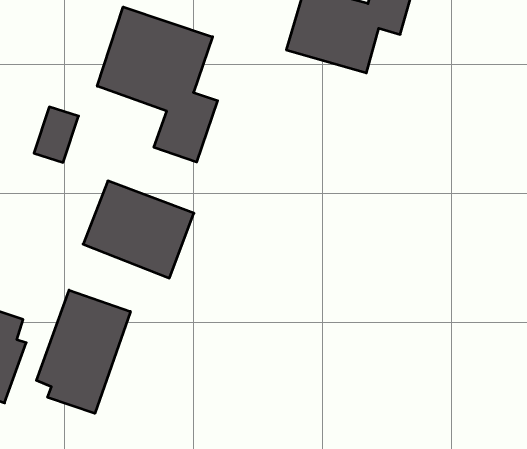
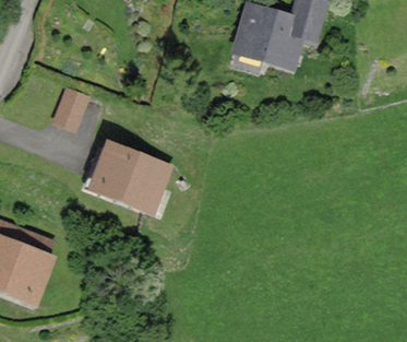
building: [97,7,218,162] -> none
building: [36,290,130,413] -> none

